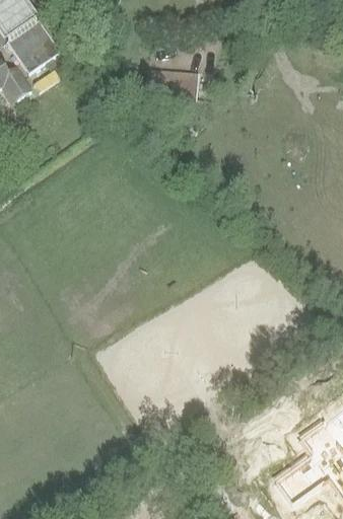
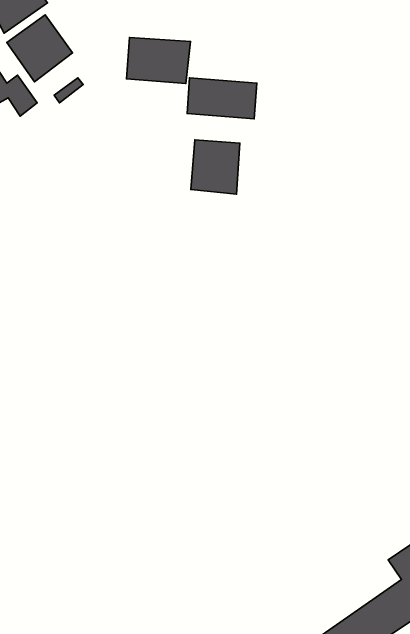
building: none -> [126,37,190,83]
building: none -> [191,140,240,194]

